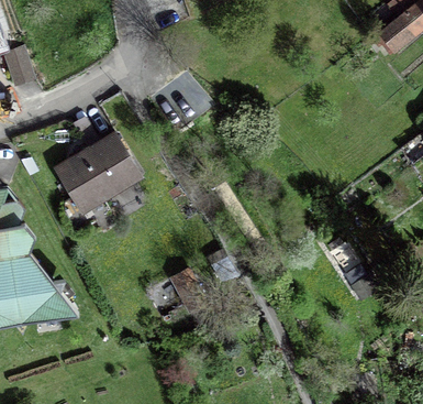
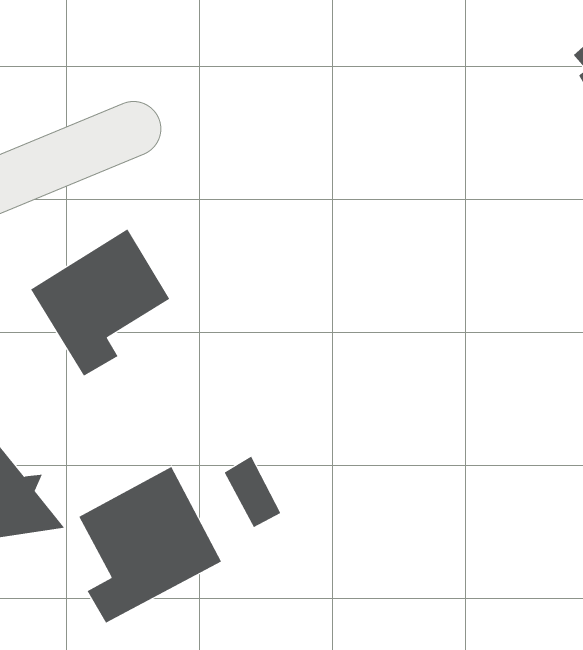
building: none -> [79,466,222,623]

